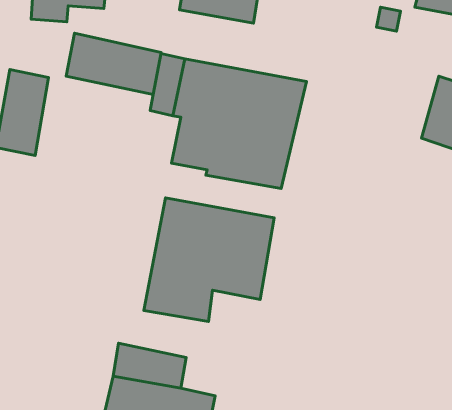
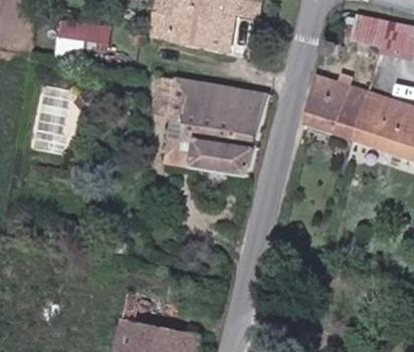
building: [66,33,161,94] -> none
building: none -> [304,75,368,139]
building: [144,198,274,321] -> none

